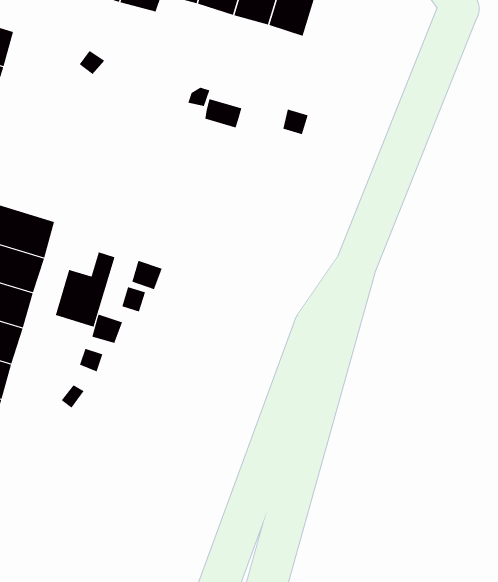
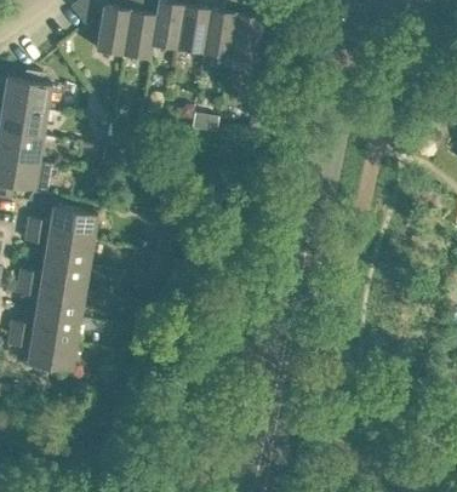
building: [55,251,115,328] -> none

